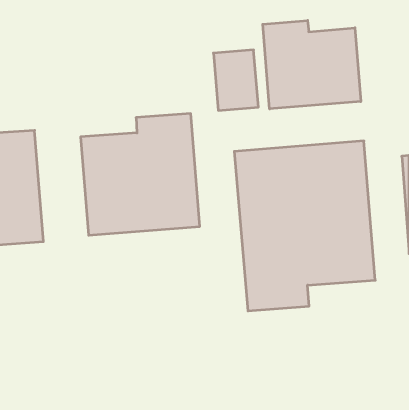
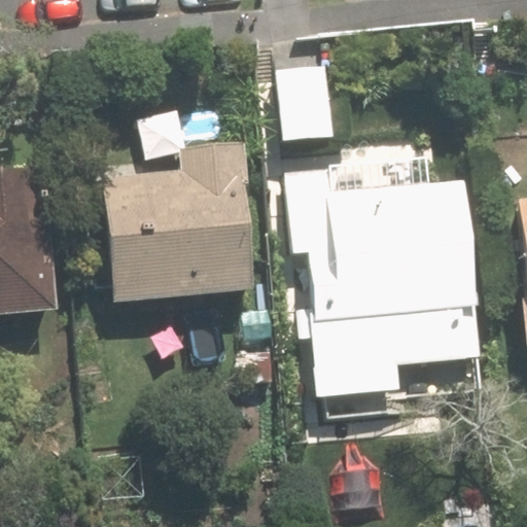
building: [263,20,361,109] -> none

